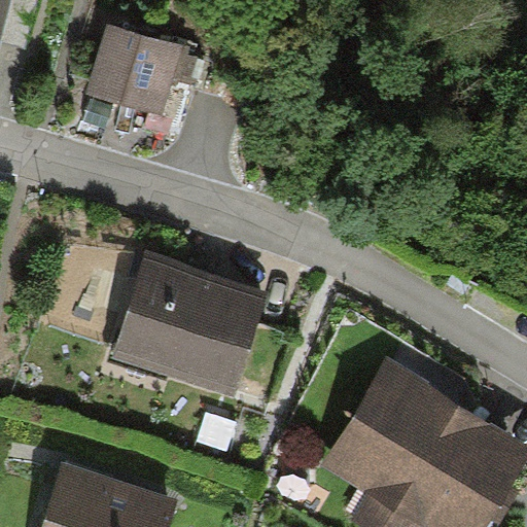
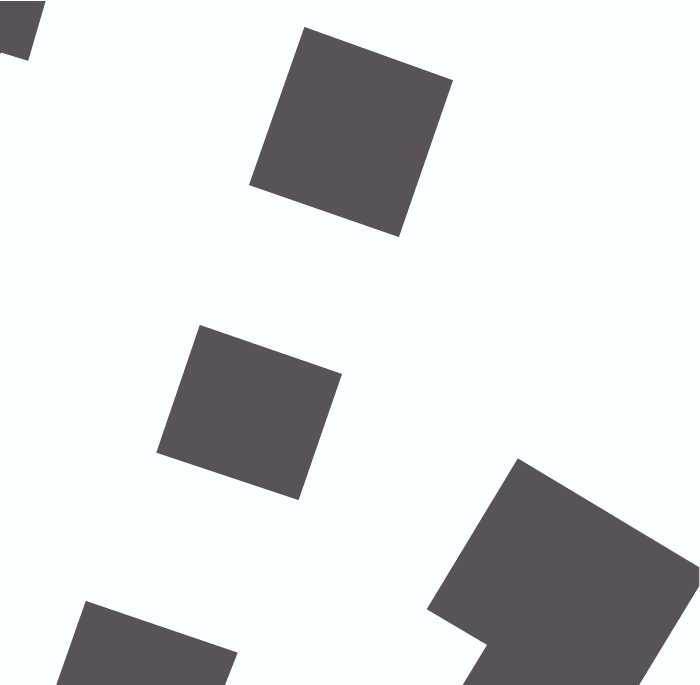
building: none -> [248,26,454,238]
building: [84,36,200,135] -> none

